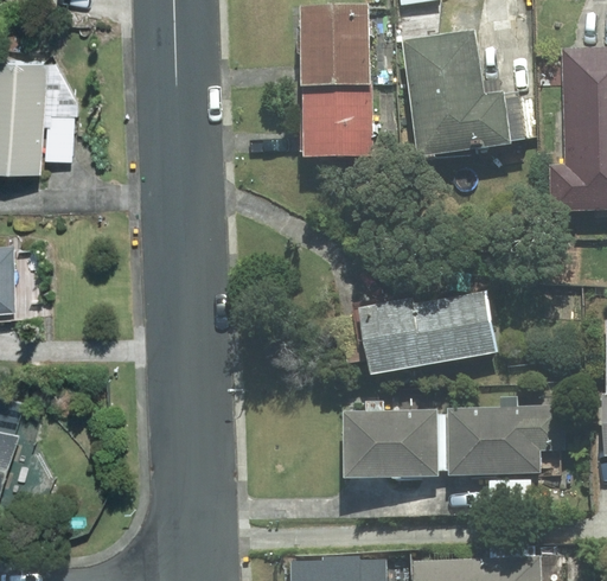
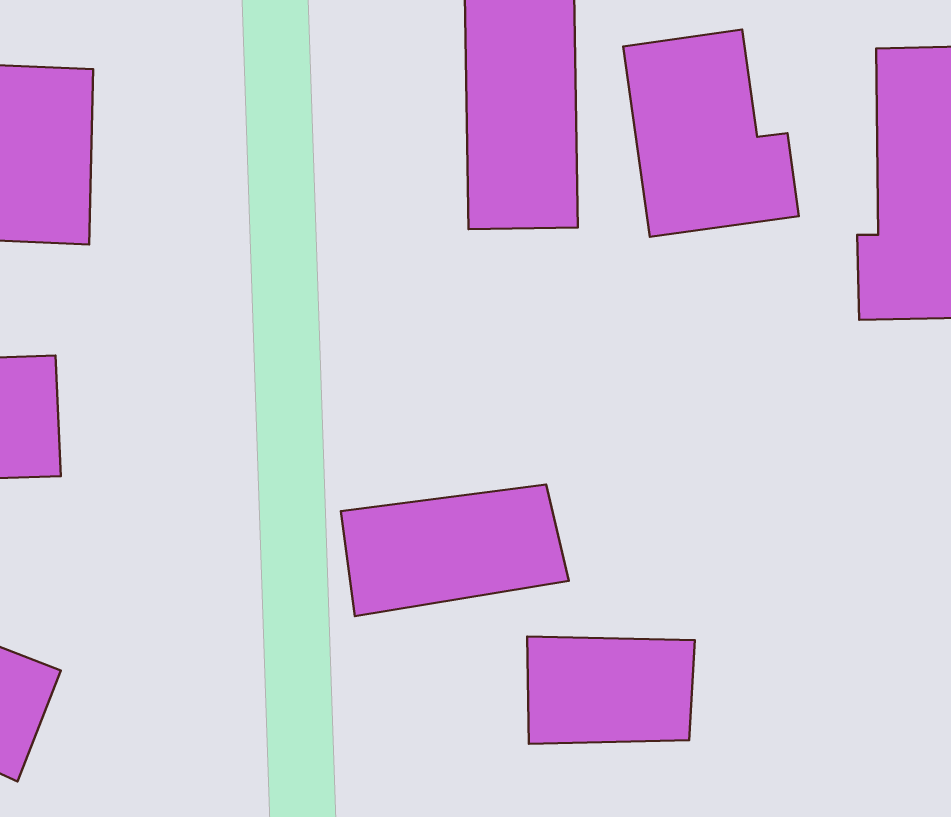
building: [357,288,507,375] -> none
building: none -> [341,484,569,616]
building: [443,404,564,478] -> none

